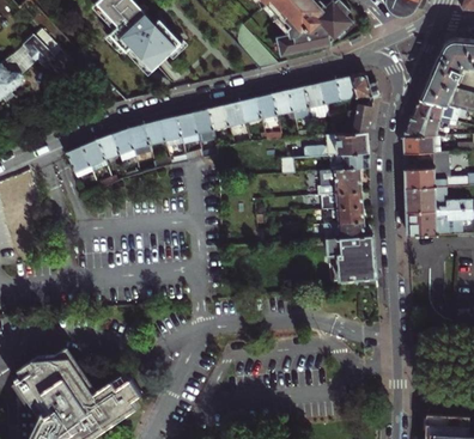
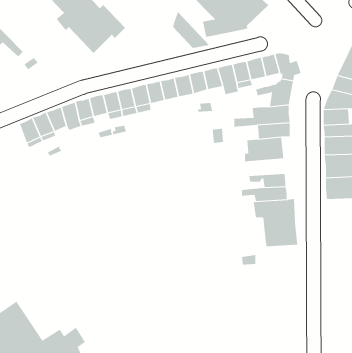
building: [311,190,363,209] -> none

